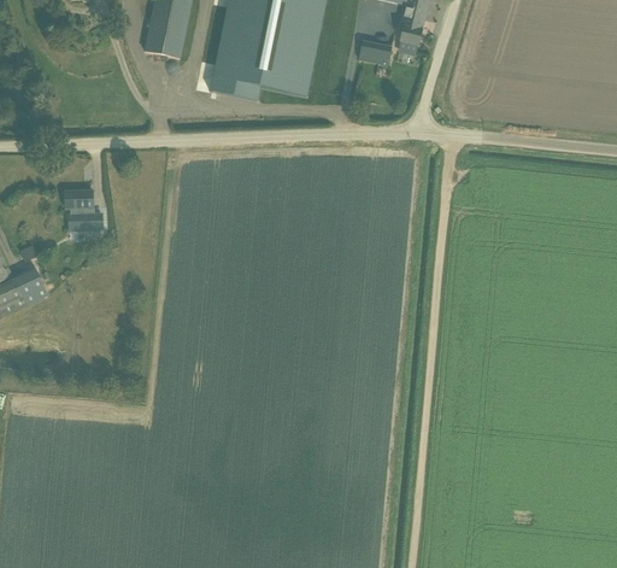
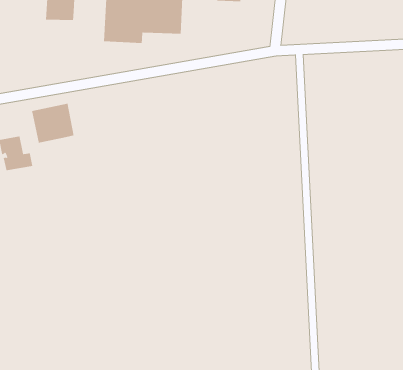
building: none -> [32,103,74,143]

